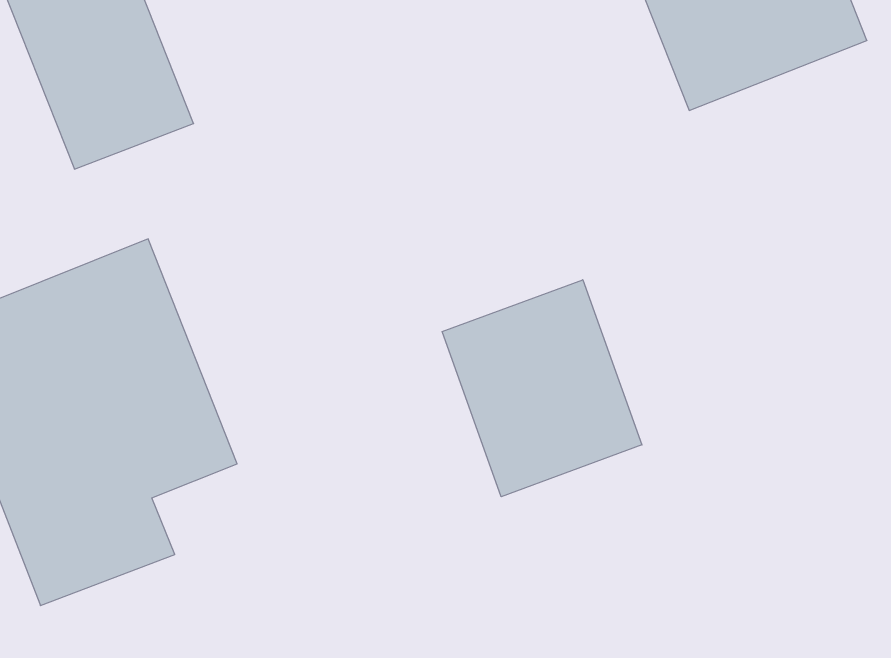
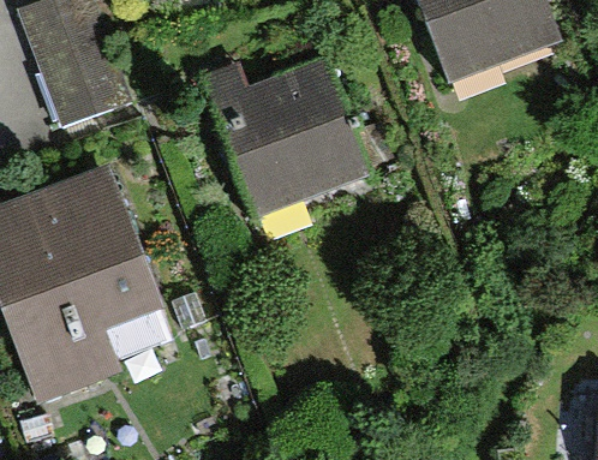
building: none -> [199,56,371,223]
building: [442,280,642,497] -> none

